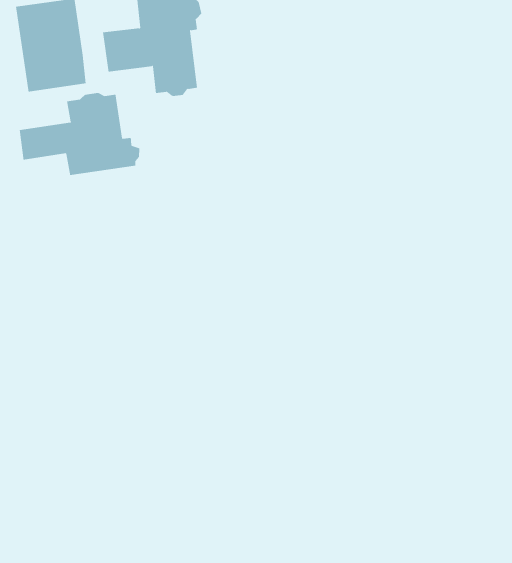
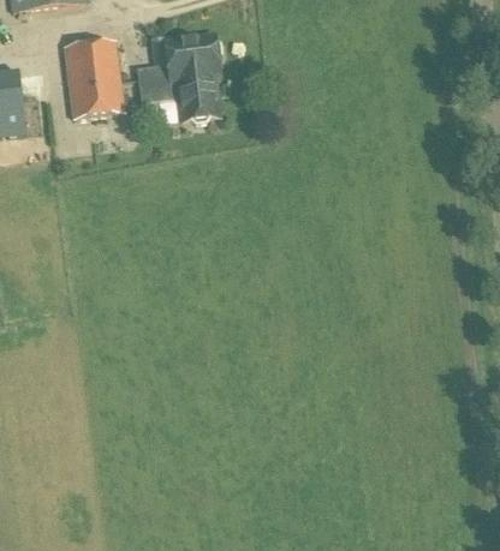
building: [19,92,140,176] -> none

